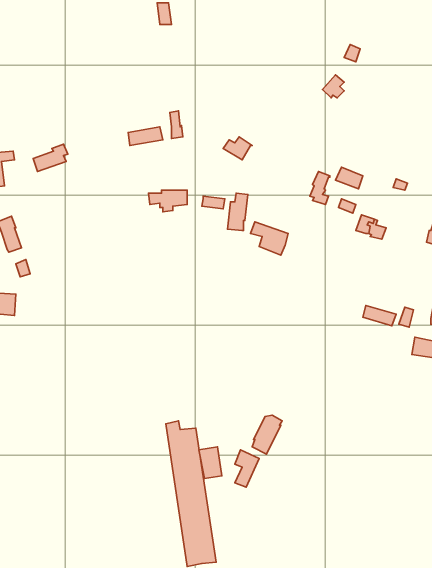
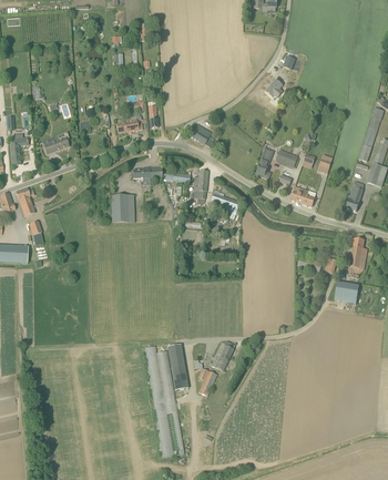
building: none -> [111,194,129,223]

